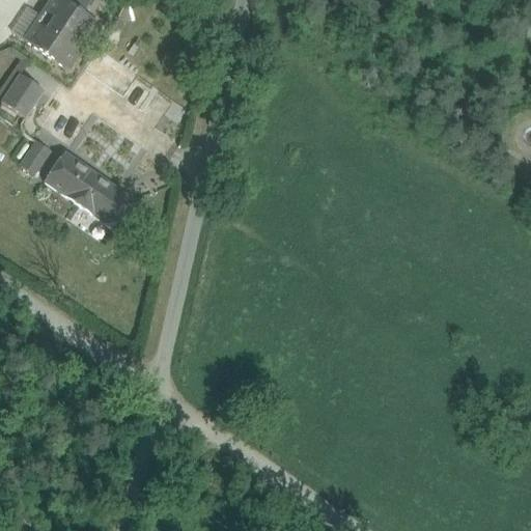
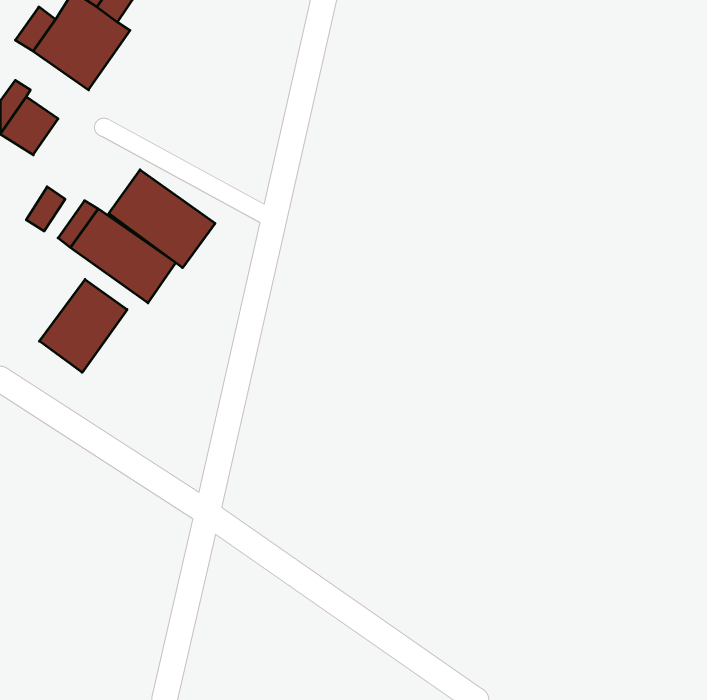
building: none -> [109,170,215,268]
building: none -> [39,279,127,372]

